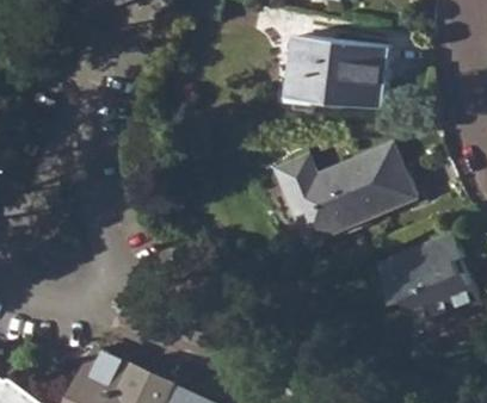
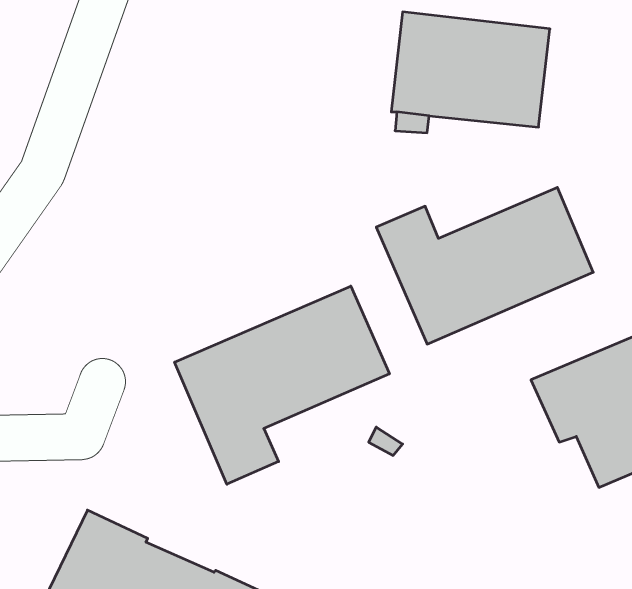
building: none -> [175,286,389,484]

